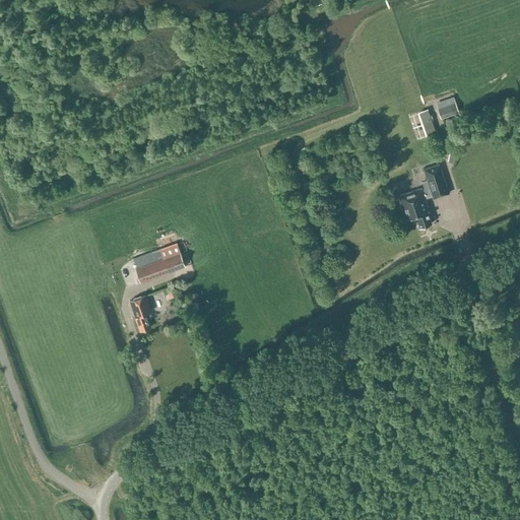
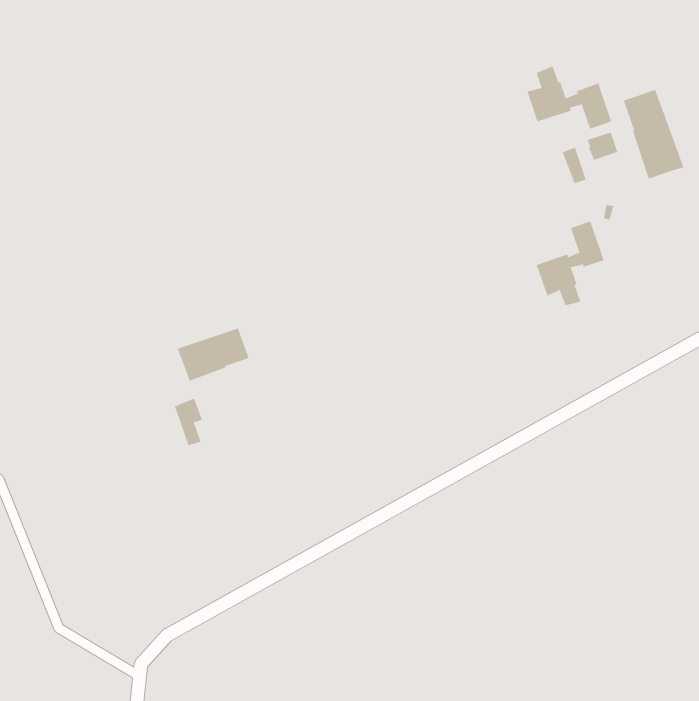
building: none -> [527,65,612,130]
building: none -> [623,89,684,179]

